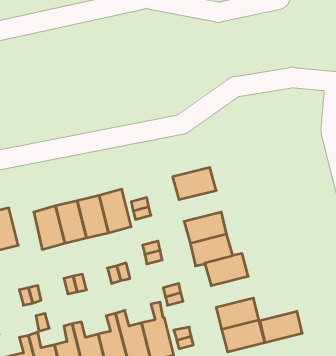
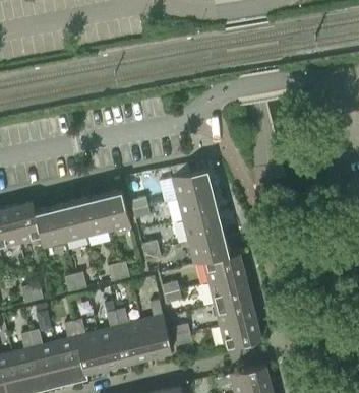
building: none -> [177,190,219,220]
building: none -> [10,201,41,244]
building: [260,311,302,343] -> [208,274,250,305]

